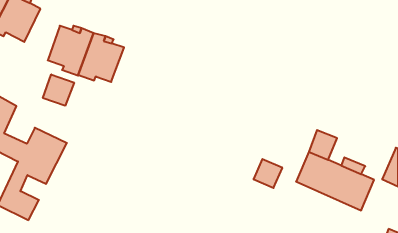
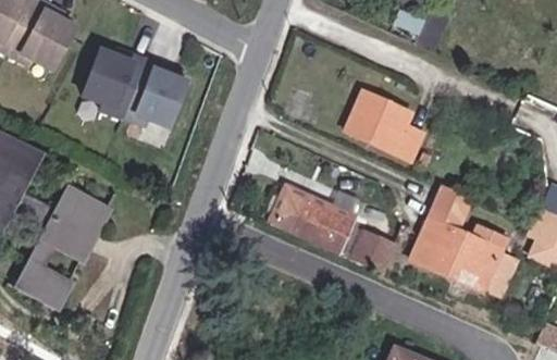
building: none -> [348,88,424,156]
building: [43,74,74,106] -> none
building: none -> [273,189,366,258]

